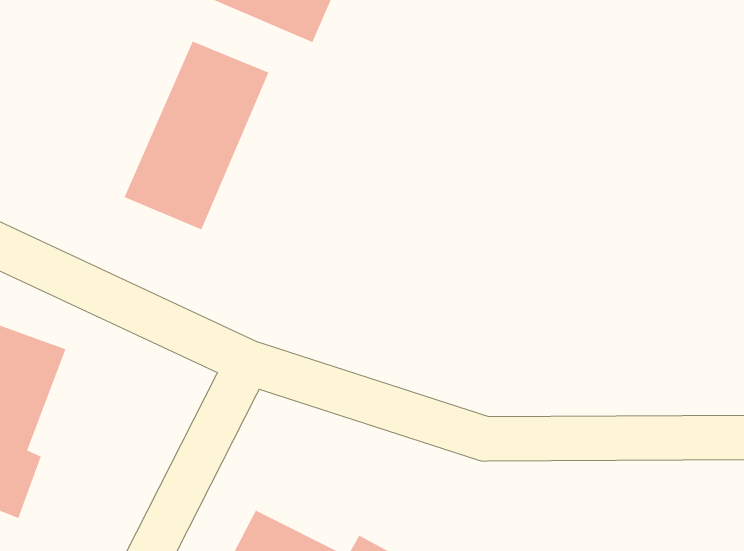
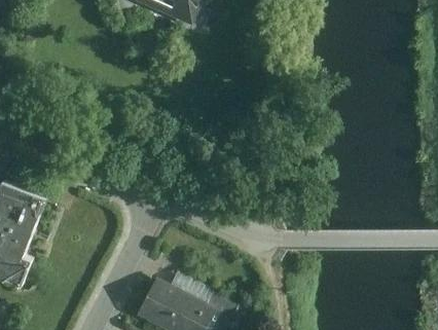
building: [124,40,270,230] -> none

